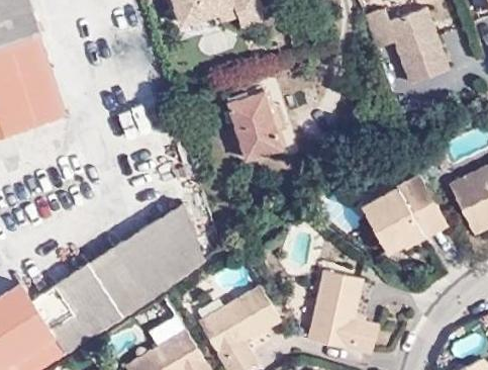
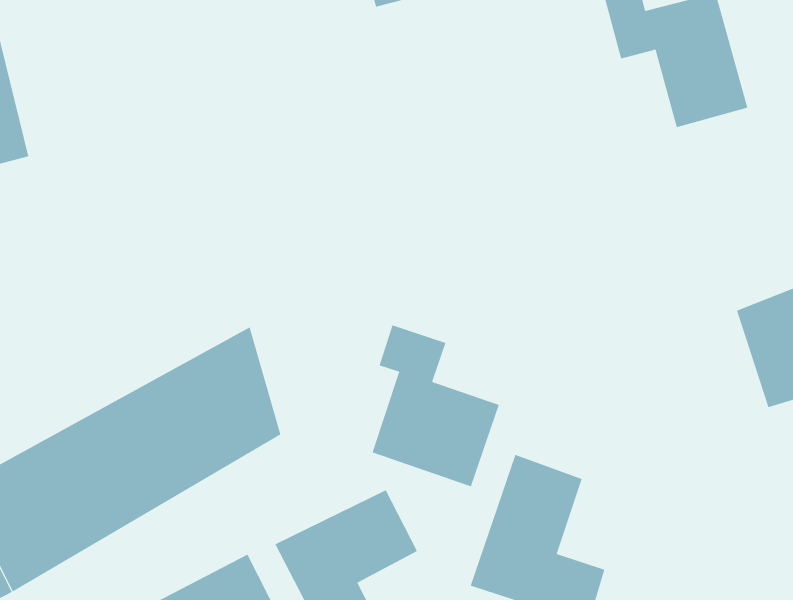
building: [225,91,282,163] -> none
building: [365,176,448,251] -> none
building: none -> [372,325,500,487]

